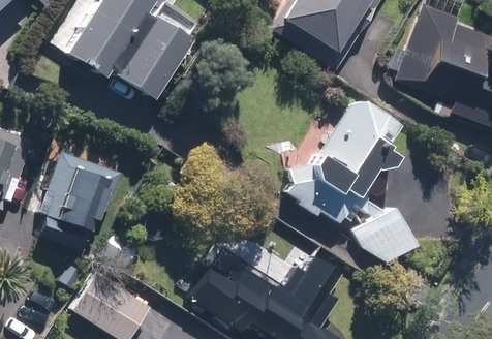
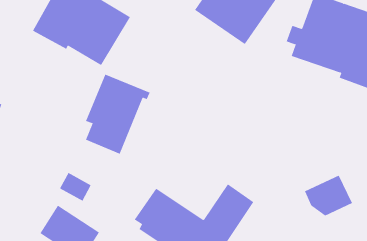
building: [288,95,405,225] -> none
building: [39,152,122,254] -> [85,74,150,154]
building: [352,208,414,260] -> [304,175,353,216]

